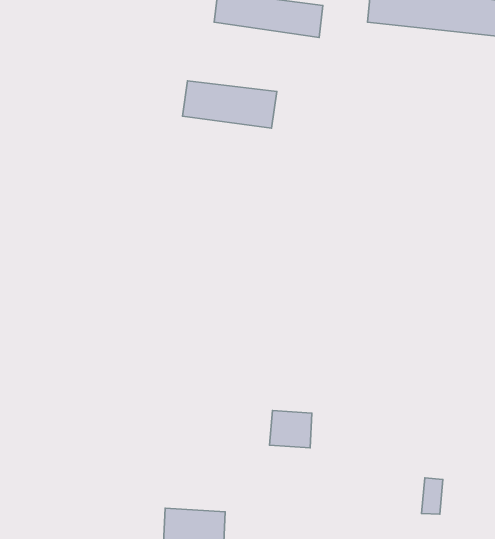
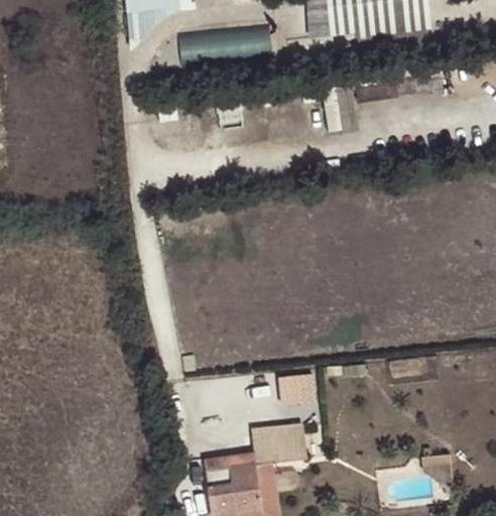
building: [182,81,277,128] -> none
building: none -> [254,425,304,463]

